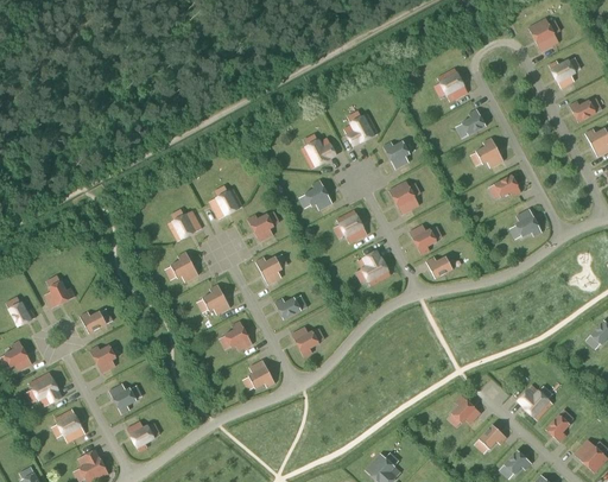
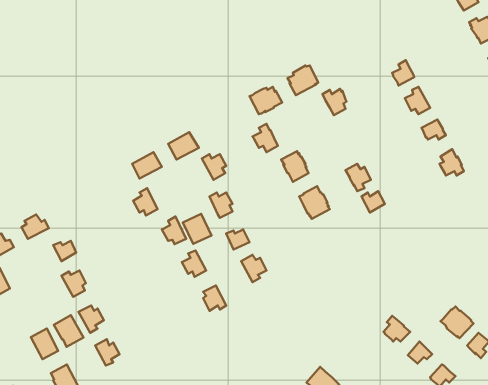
building: [437,68,468,103] -> none
building: [388,180,419,215] -> none
building: none -> [183,214,211,244]
building: [30,373,63,408] -> [54,315,83,347]

